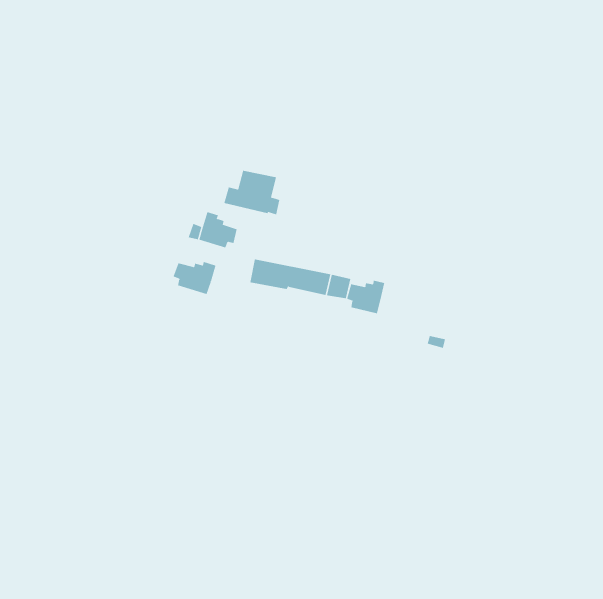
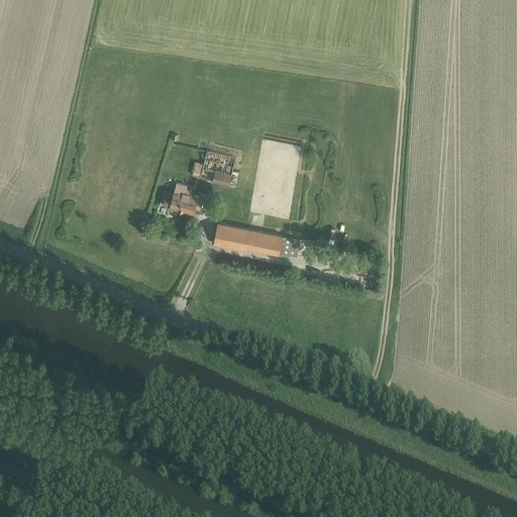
building: [173,261,216,295] -> none
building: [346,280,385,314] -> none

